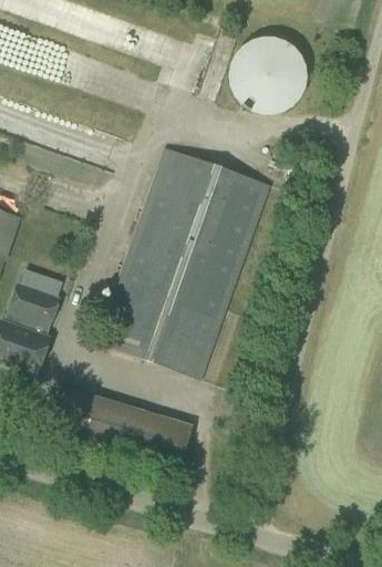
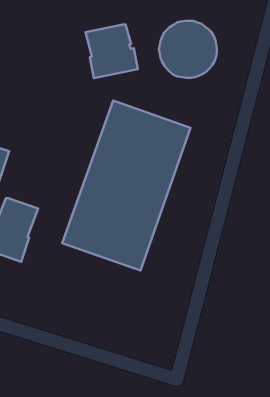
building: none -> [86,24,138,78]
building: [48,384,193,471] -> none

